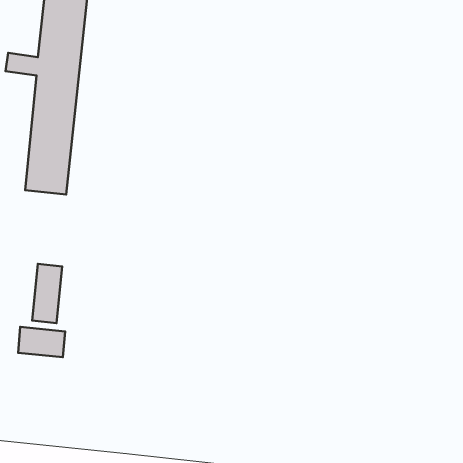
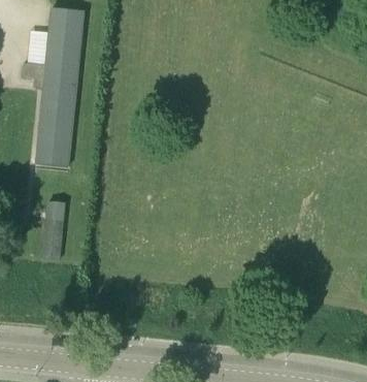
building: [18,327,65,357] -> none

